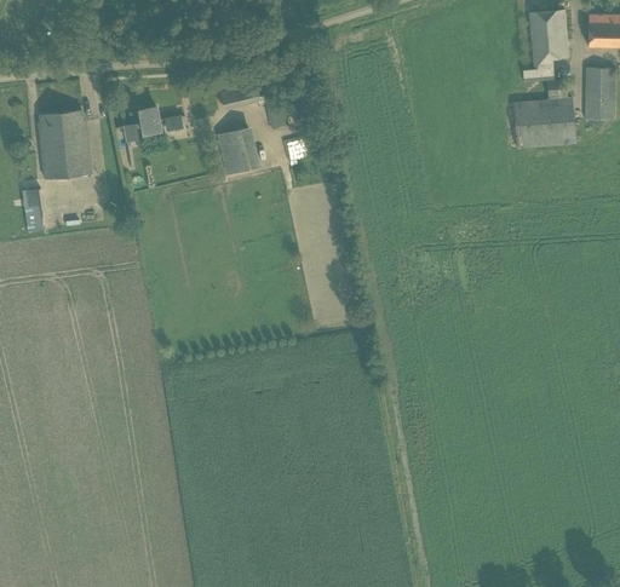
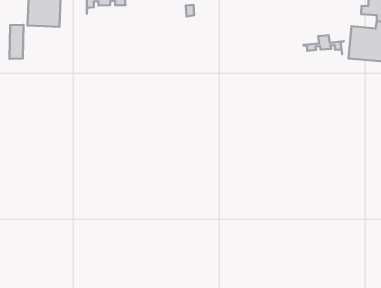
building: none -> [303,35,344,54]
building: [218,126,257,172] -> none

